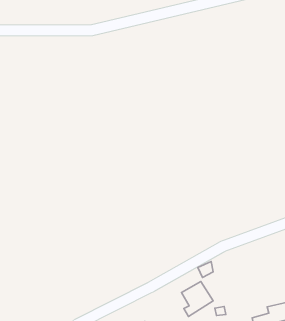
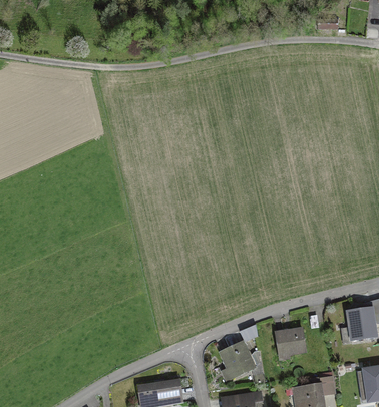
building: none -> [276,329,305,354]

